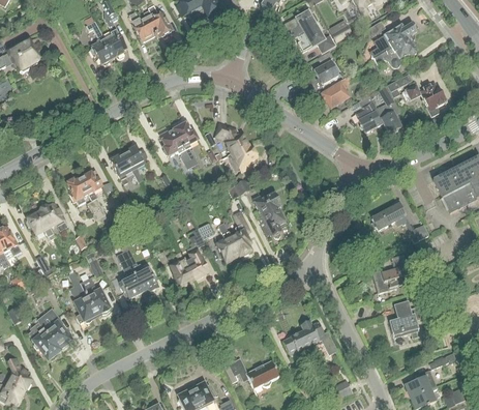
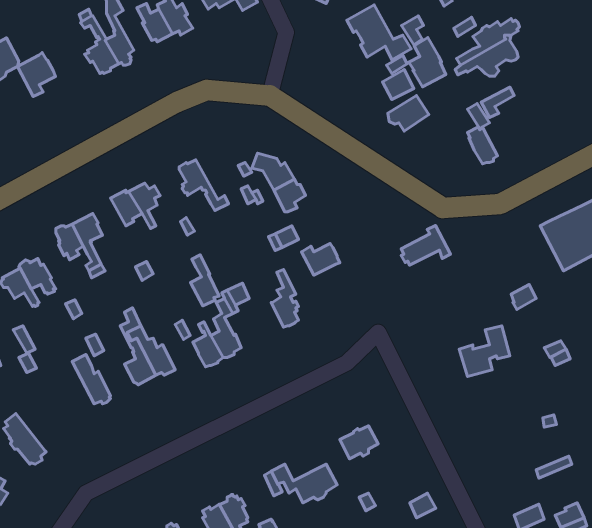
building: none -> [17,52,55,96]
building: [406,83,445,115] -> none
building: [355,94,383,131] -> [409,37,446,87]
building: [173,121,198,159] -> none
building: [370,200,408,230] -> [401,225,451,265]
building: [262,208,286,237] -> none
building: [216,223,238,261] -> [191,255,219,306]
building: [68,271,96,323] -> none
building: [389,301,419,339] -> none
building: [36,309,71,349] -> none
building: [300,321,336,353] -> none
building: [407,370,438,398] -> none

